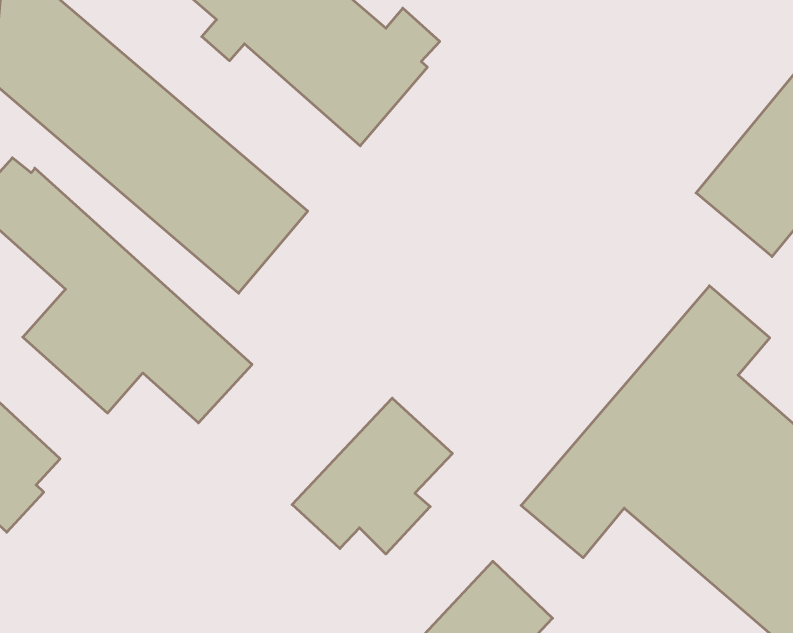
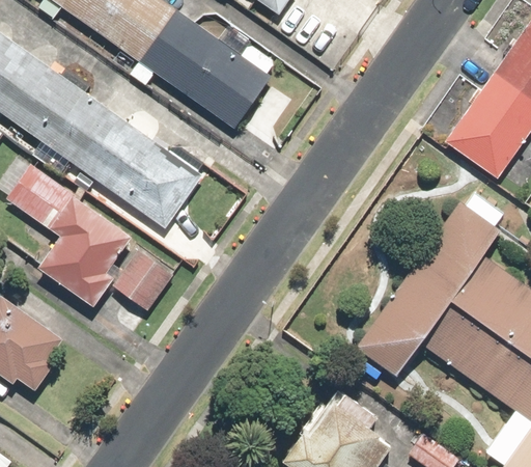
building: [292,398,452,554] -> none

